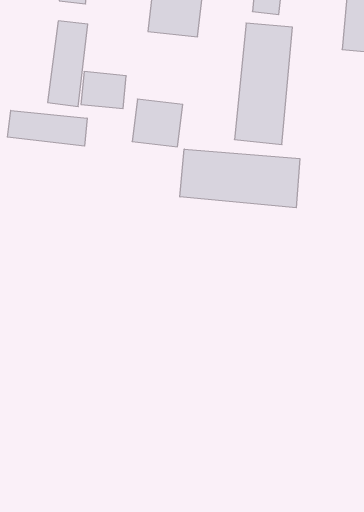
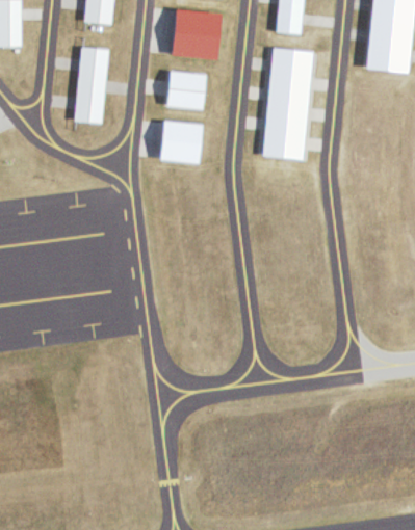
building: [81,72,126,109] -> [164,70,209,106]
building: [7,110,87,146] -> none
building: [180,149,300,208] -> none

